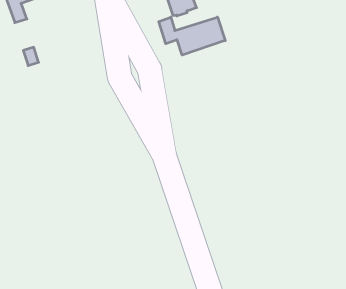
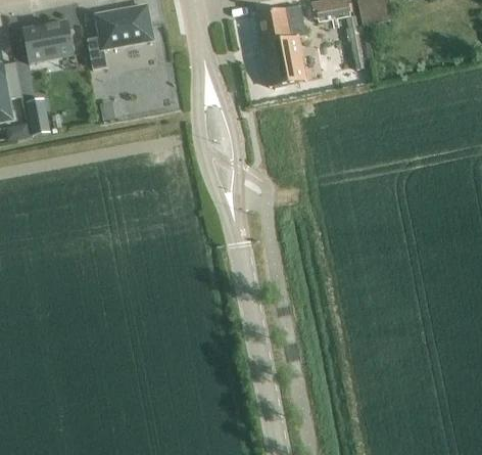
building: [159,17,225,55] -> none

